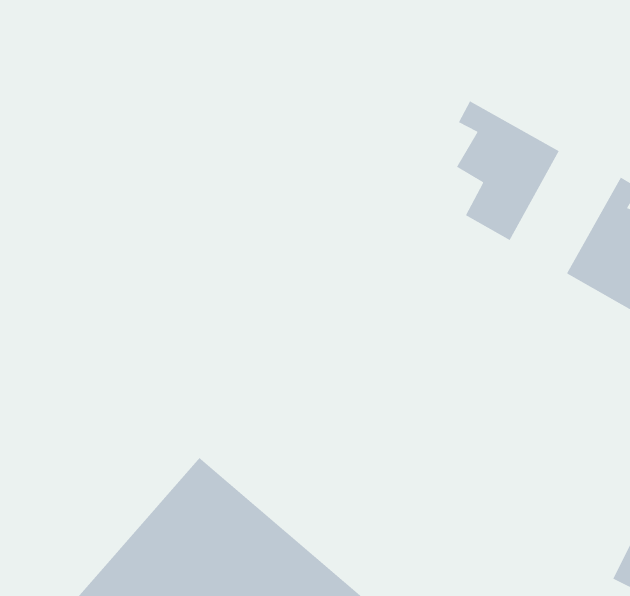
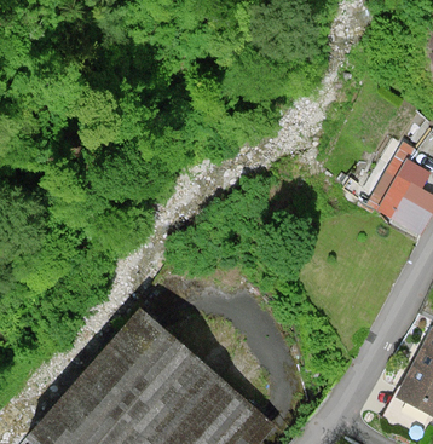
building: [456,101,559,241] -> none

